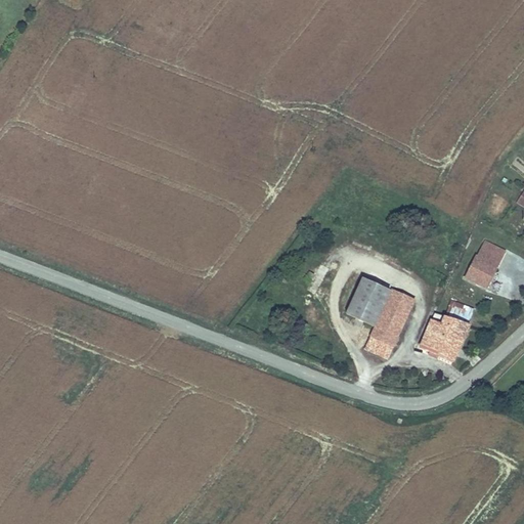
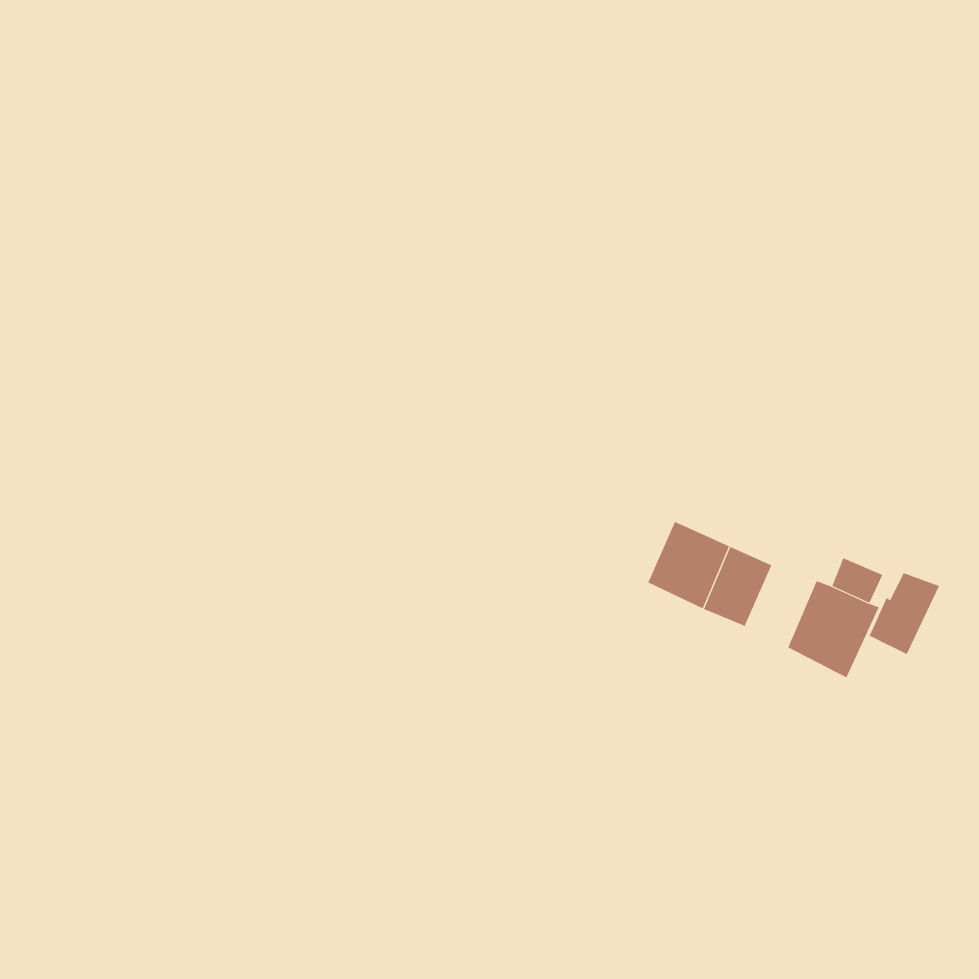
building: [467,243,505,287] -> [869,573,940,655]
building: [366,325,398,358] -> none

